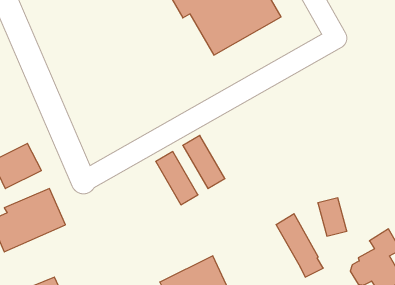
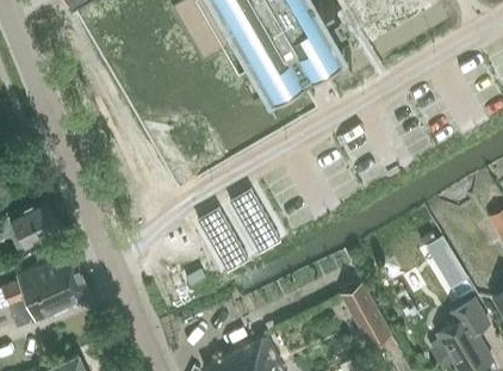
building: [318,198,347,236] -> [426,241,460,286]

